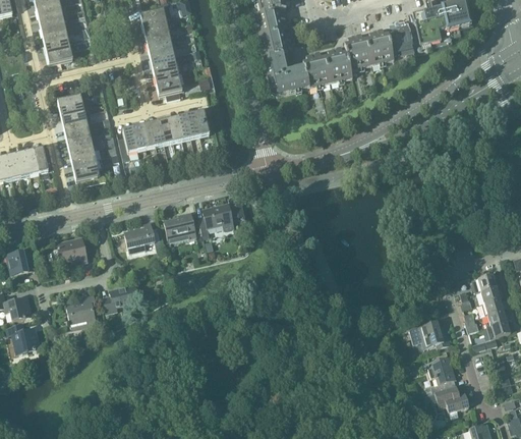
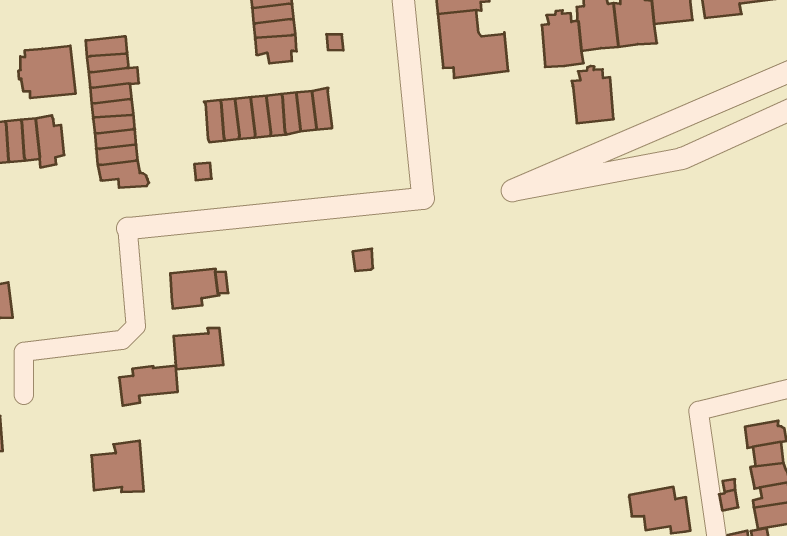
building: [302,52,330,87] -> [572,66,614,123]
building: none -> [19,46,75,98]
building: [118,127,137,160] -> none
building: [197,203,233,237] -> none
building: [164,212,195,239] -> [174,328,223,369]
building: [53,236,86,262] -> none
building: [66,293,100,326] -> [91,441,144,492]

